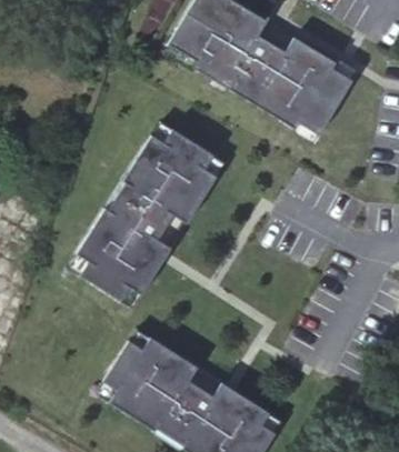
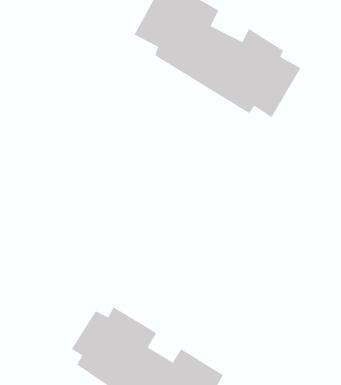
building: [79,130,218,304] -> none

